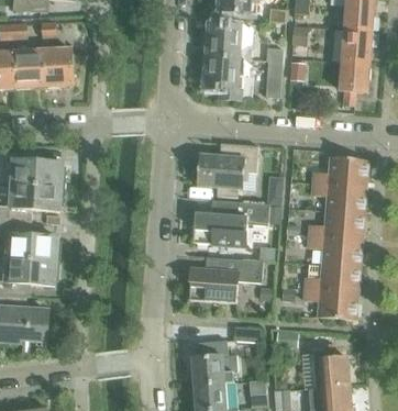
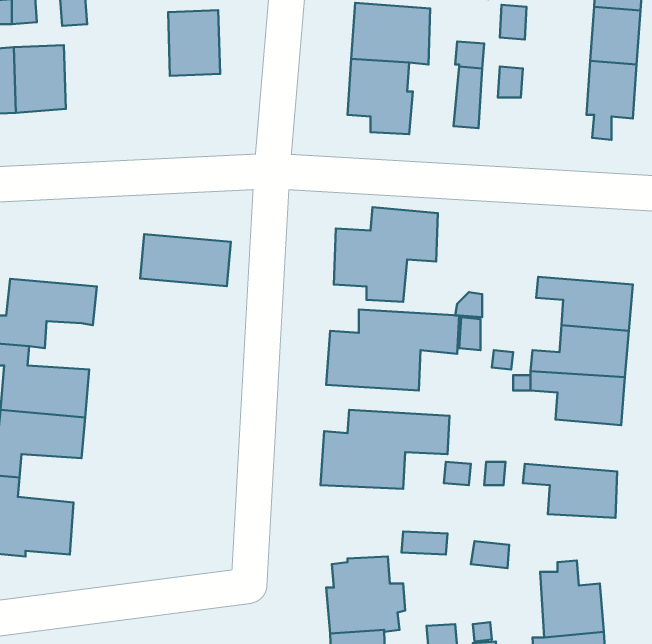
building: [43,48,73,86] -> [168,10,220,76]
building: [313,156,368,186] -> none
building: [12,157,64,187] -> [140,234,231,286]
building: [306,263,361,292] -> none

